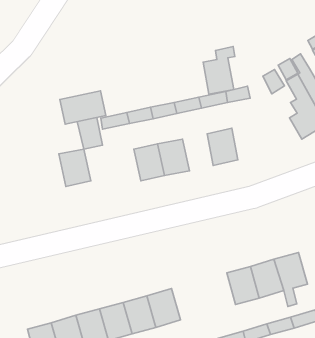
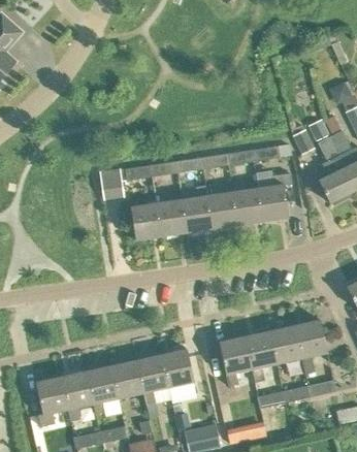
building: [203,46,235,94] -> [258,173,291,221]
building: [60,91,106,124] -> none
building: none -> [206,192,236,229]
building: [59,149,91,186] -> [130,203,161,240]
building: none -> [218,336,251,386]

